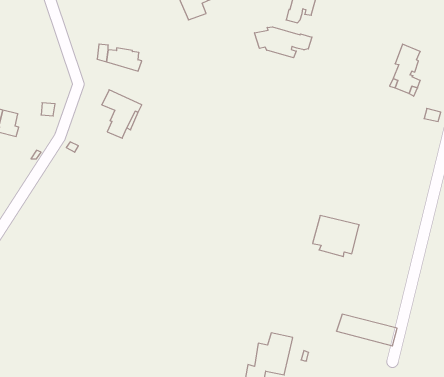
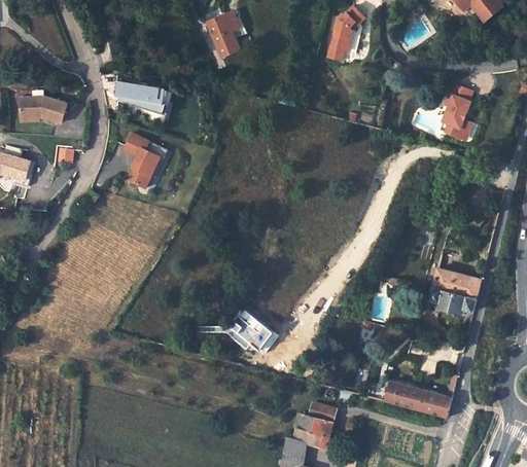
building: [255,27,312,58] -> none
building: none -> [19,96,67,121]
building: [313,216,359,257] -> [428,268,480,314]
building: none -> [221,308,276,353]

